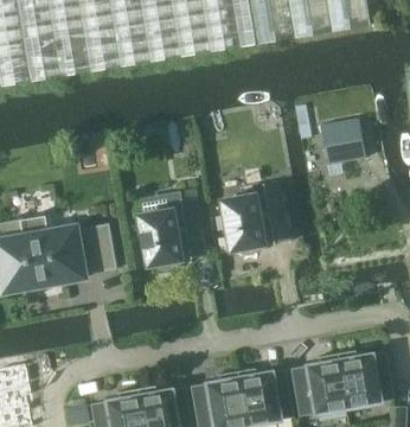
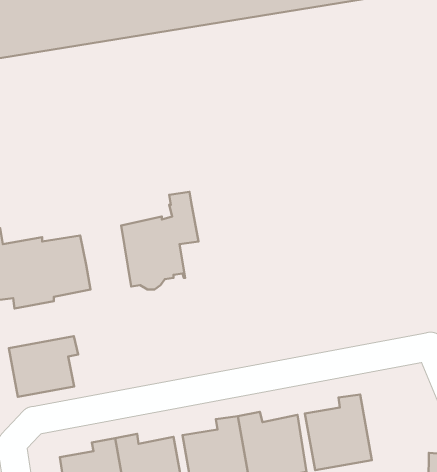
building: [320,120,365,165] -> none
building: [224,183,292,254] -> none
building: none -> [9,336,78,397]
building: [335,350,392,407] -> none

